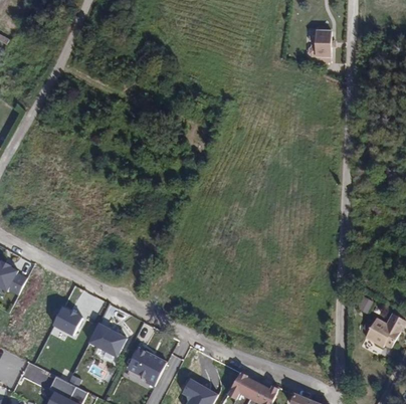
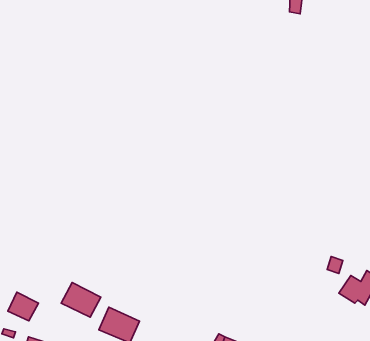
building: [53,306,84,335] -> [8,292,39,321]

